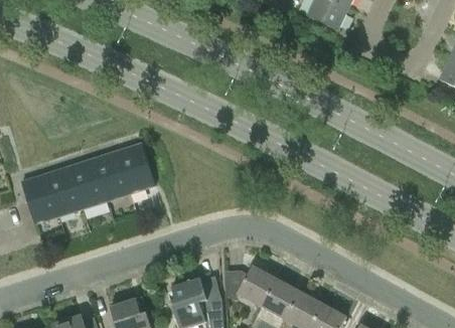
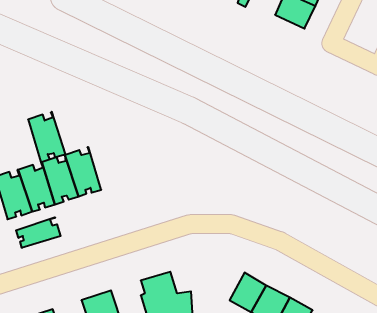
building: [117,142,155,193] -> [28,112,66,162]
building: none -> [16,217,61,248]
building: [237,265,276,306] -> none

